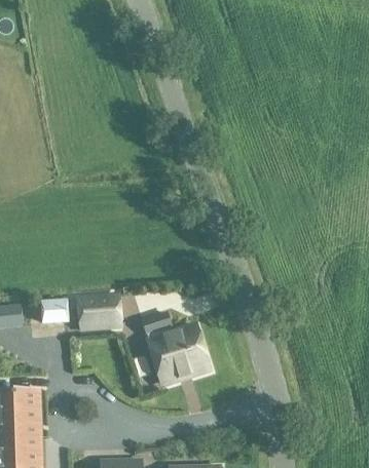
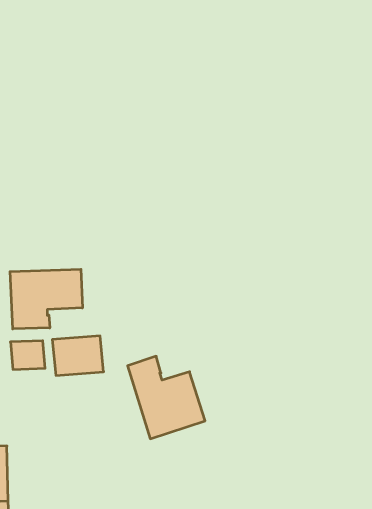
building: none -> [10,269,82,329]

